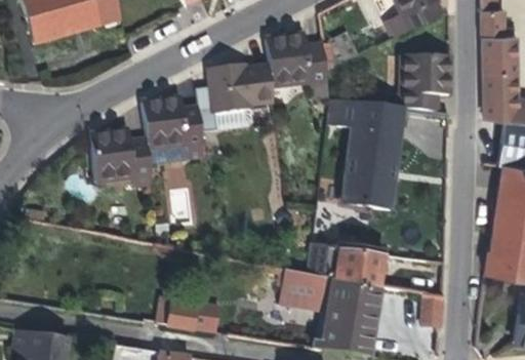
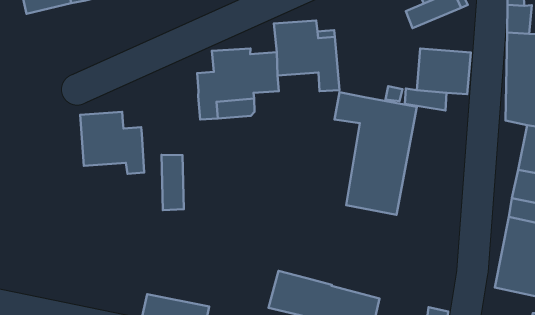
building: [143,96,205,159] -> none
building: [309,244,386,288] -> none

